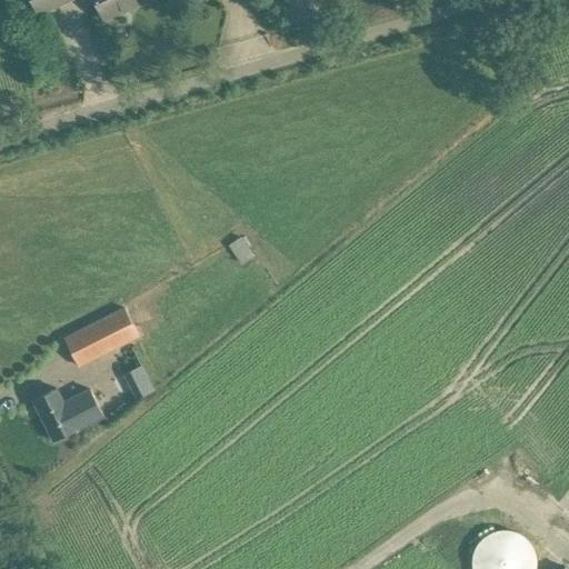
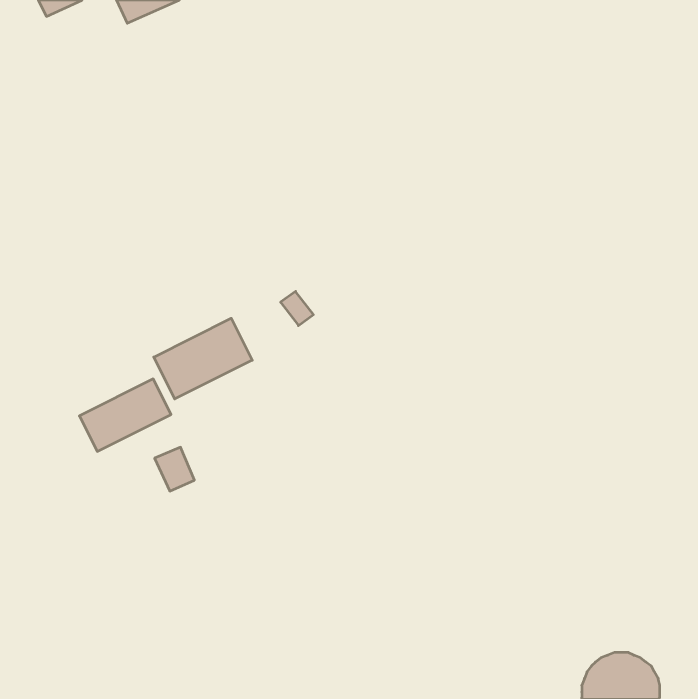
building: none -> [154,318,252,399]
building: [33,388,103,440] -> none

